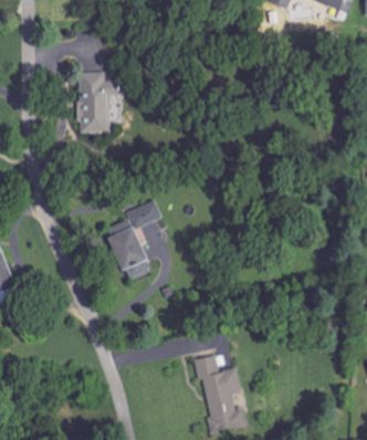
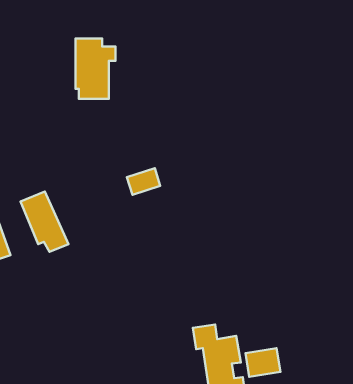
building: [103,220,150,280] -> [20,192,68,252]
building: none -> [245,348,280,377]

